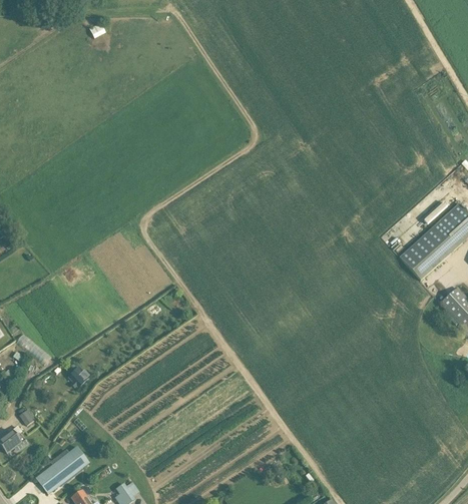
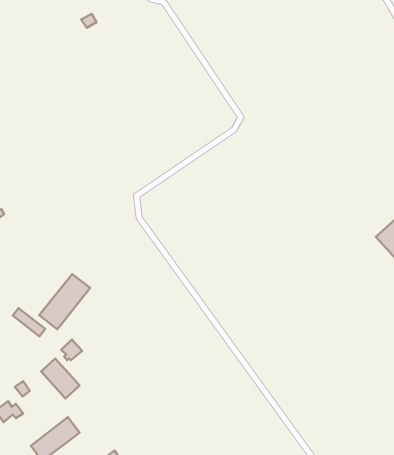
building: none -> [39,274,90,329]
building: none -> [41,359,79,399]

